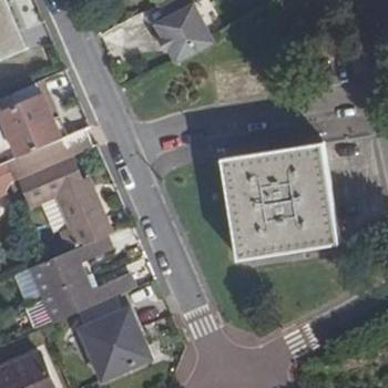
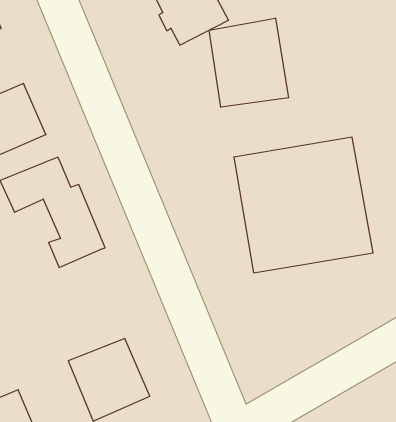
building: none -> [209,18,289,107]
building: [30,234,131,321] -> none

